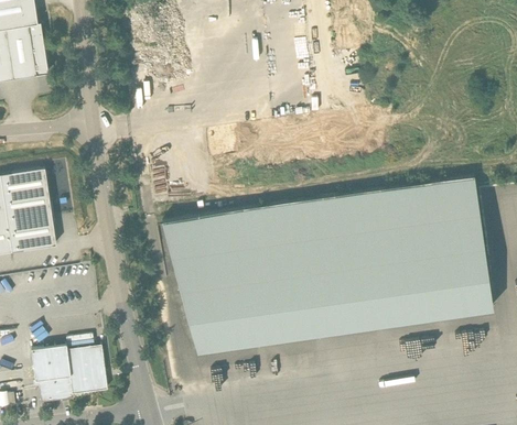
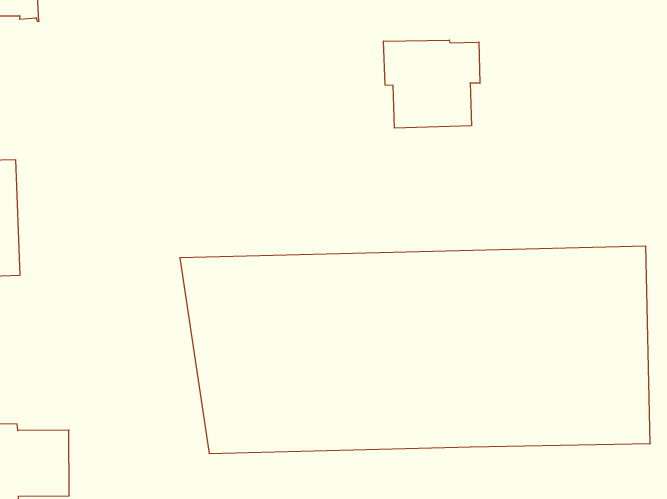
building: none -> [384,40,480,128]

